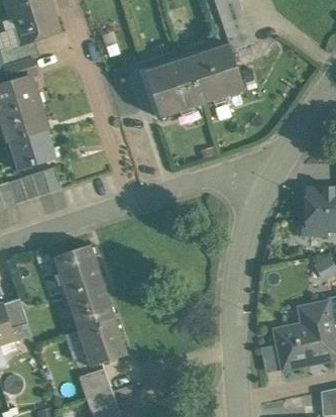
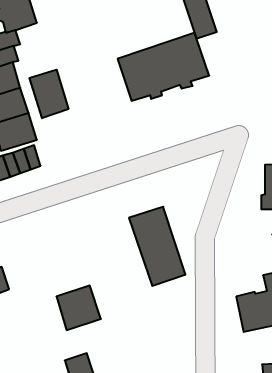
building: none -> [29,70,68,118]
building: [52,244,114,330] -> [129,207,185,286]
building: [79,368,111,400] -> none

